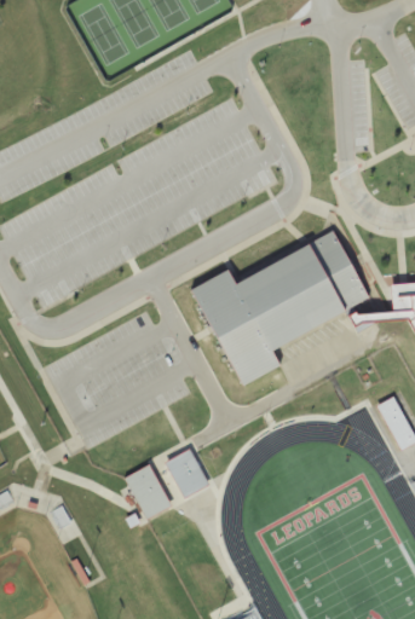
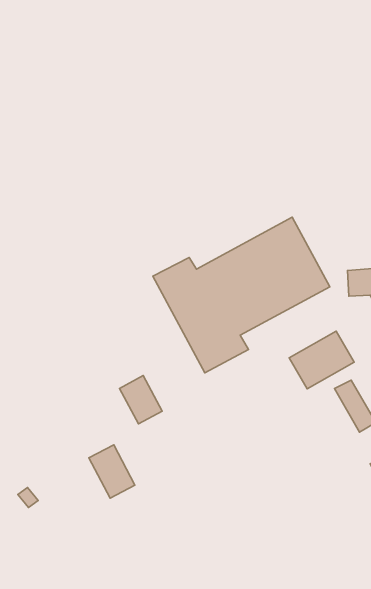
building: none -> [289,331,354,389]
building: [166,447,209,497] -> [120,376,162,424]

